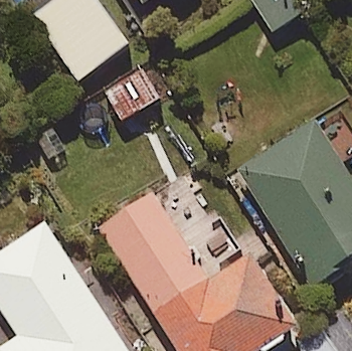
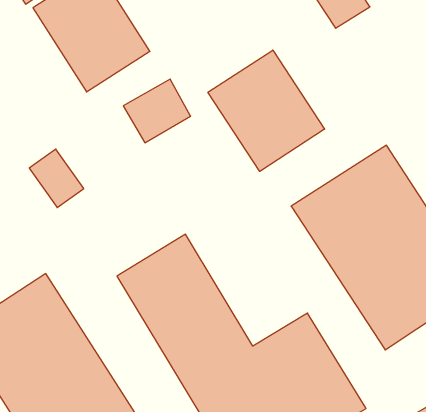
building: none -> [208,50,325,171]

